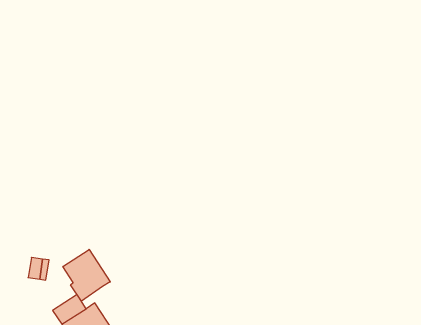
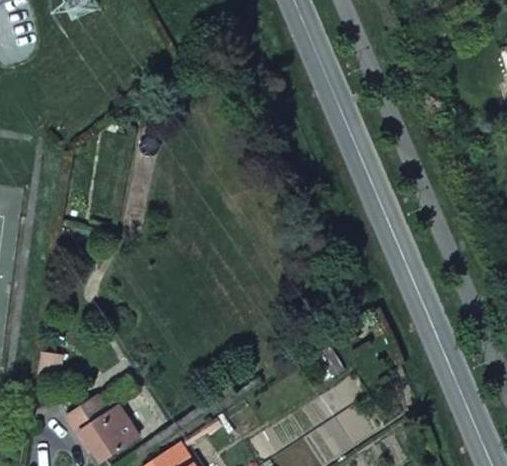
building: [63,249,110,301] -> none

